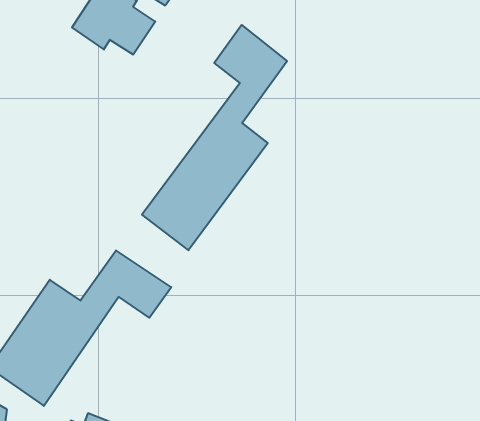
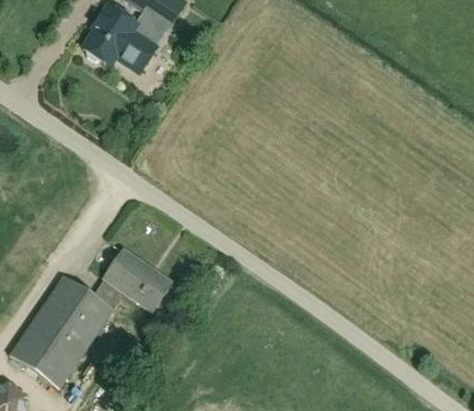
building: [142,25,287,250] -> none

